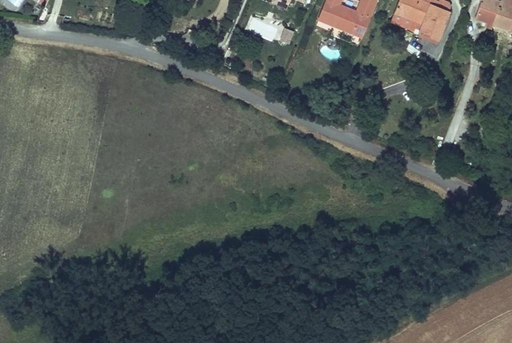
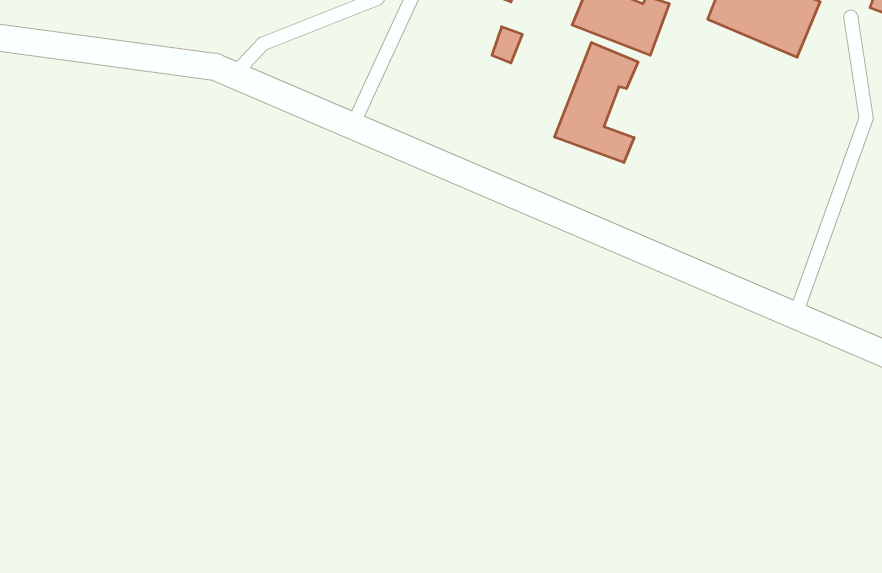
building: none -> [555,42,638,163]

